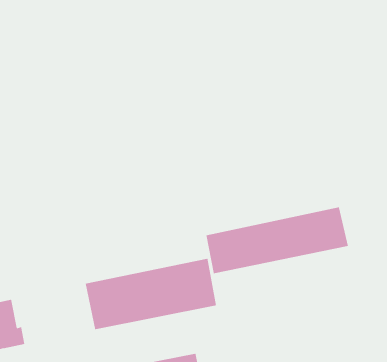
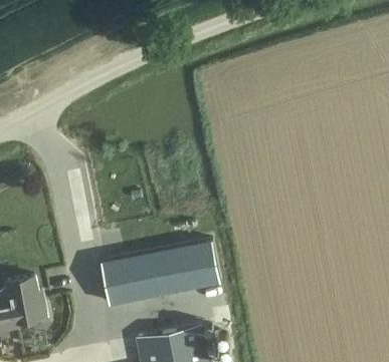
building: [206,207,348,274] -> none

